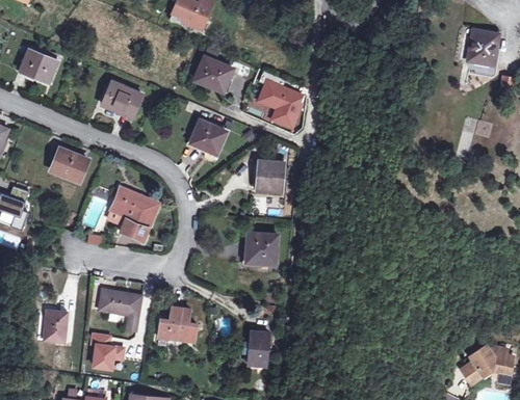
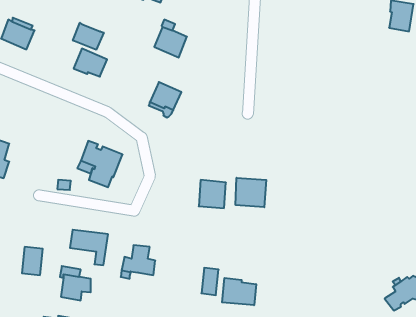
building: none -> [73,23,104,50]
building: [258,71,302,127] -> none
building: [51,149,87,182] -> none
building: [257,156,284,192] -> none
building: none -> [236,178,266,207]
building: none -> [222,278,256,305]

